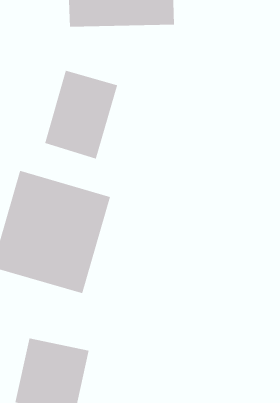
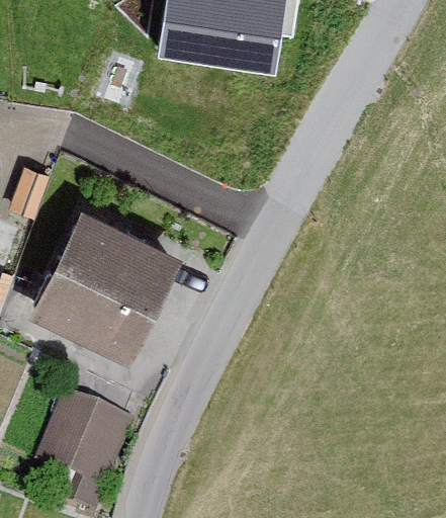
building: [44,70,118,160] -> none

